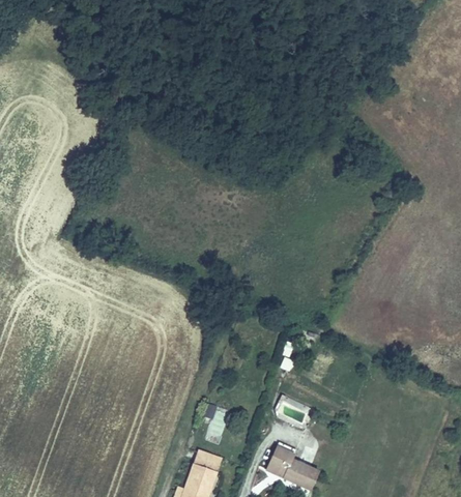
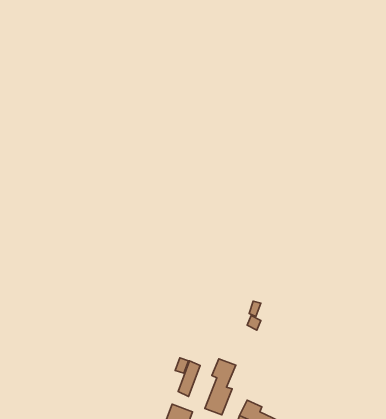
building: none -> [205,359,236,415]

